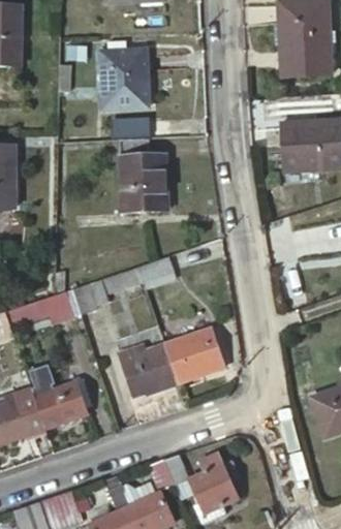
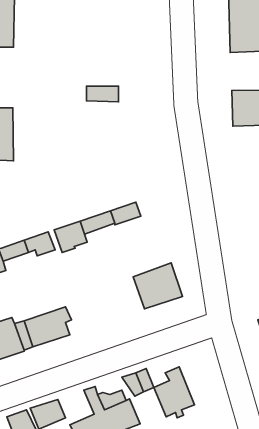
building: [101,42,145,107] -> none
building: [123,137,167,213] -> none
building: [116,344,178,398] -> none

